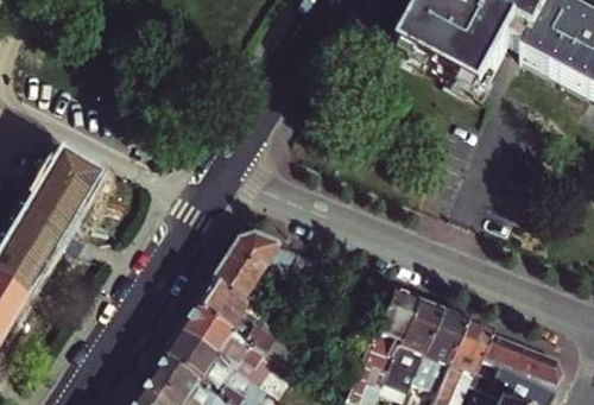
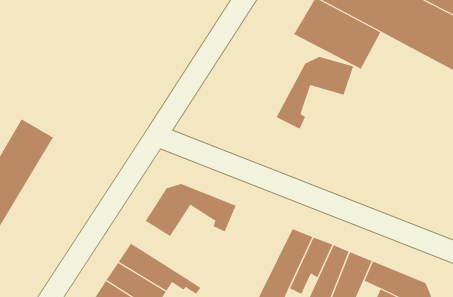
building: none -> [276,56,354,129]
building: [190,284,267,354] -> none

